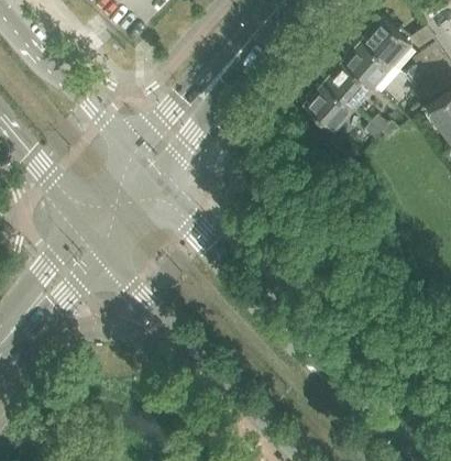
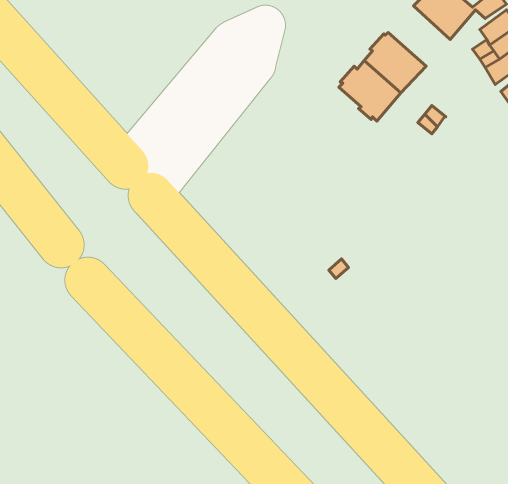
building: [345,42,394,89] -> none

